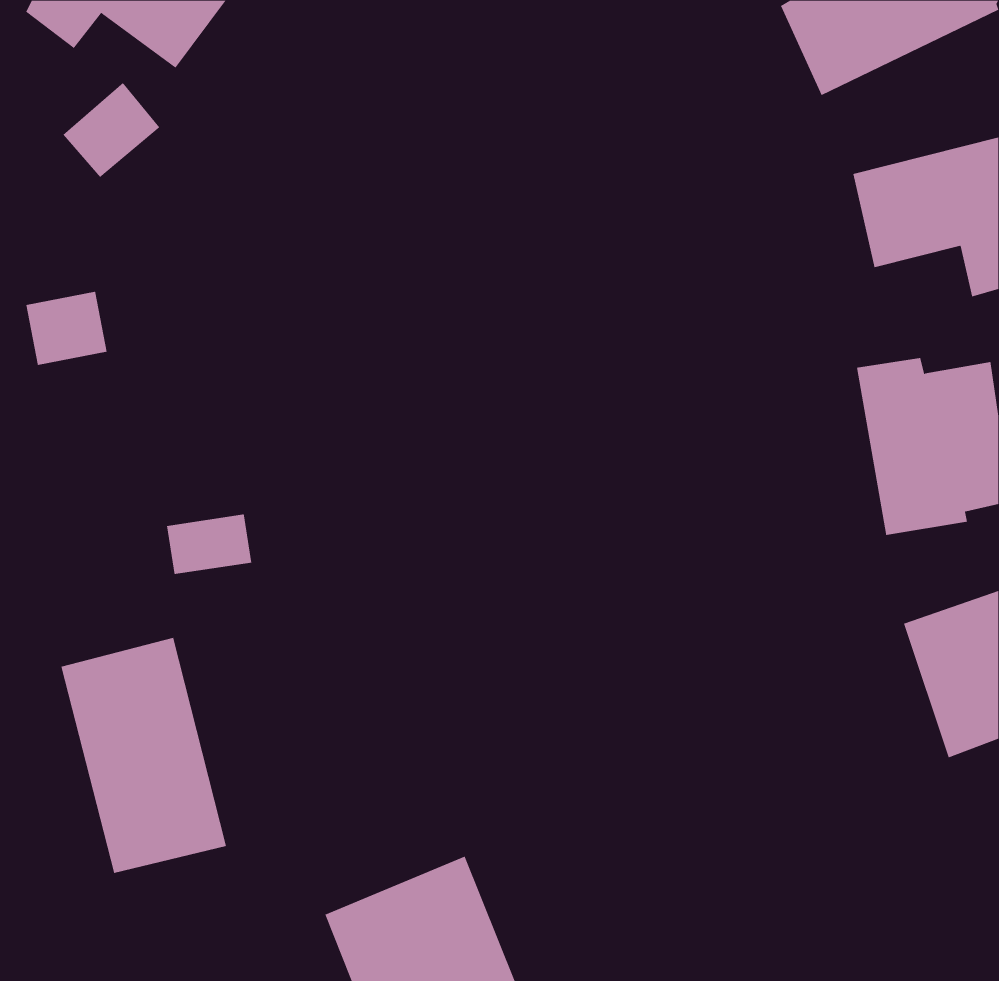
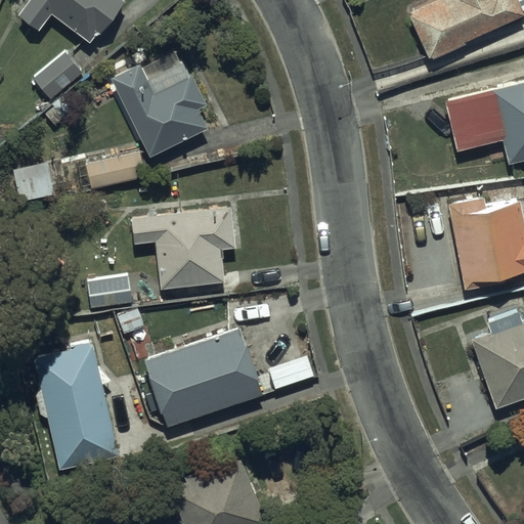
building: none -> [110,48,206,155]
building: none -> [87,156,146,193]
building: none -> [131,206,234,289]
building: none -> [145,326,263,425]

